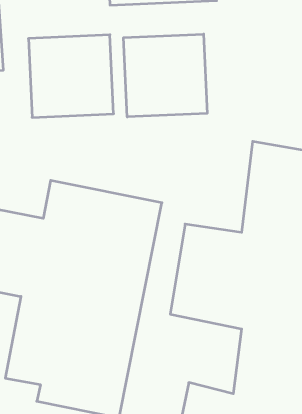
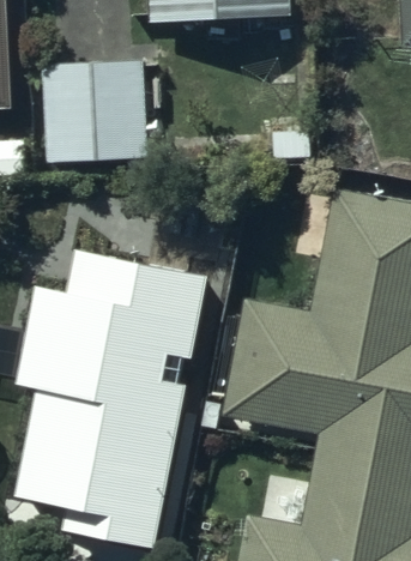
building: [124,34,207,117] -> none

